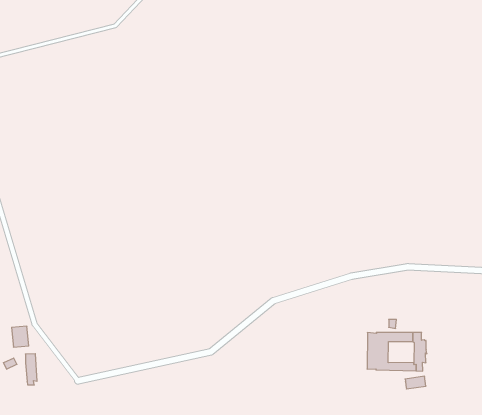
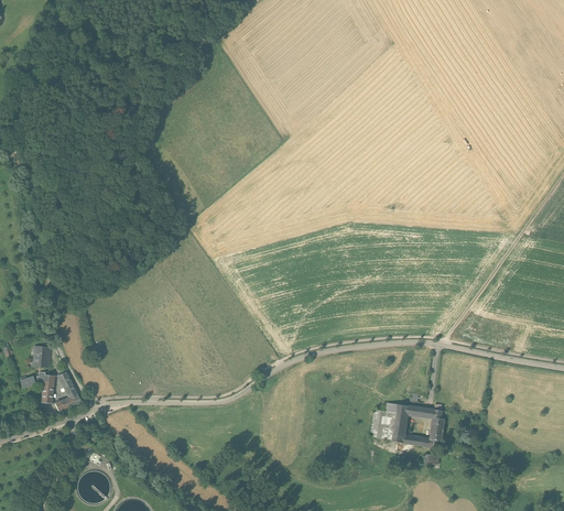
building: none -> [54,371,80,411]

